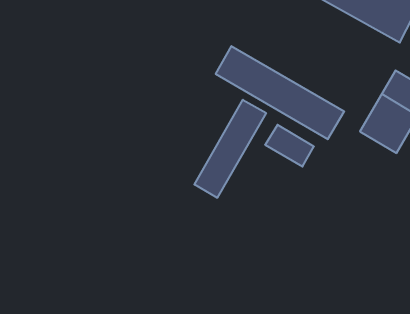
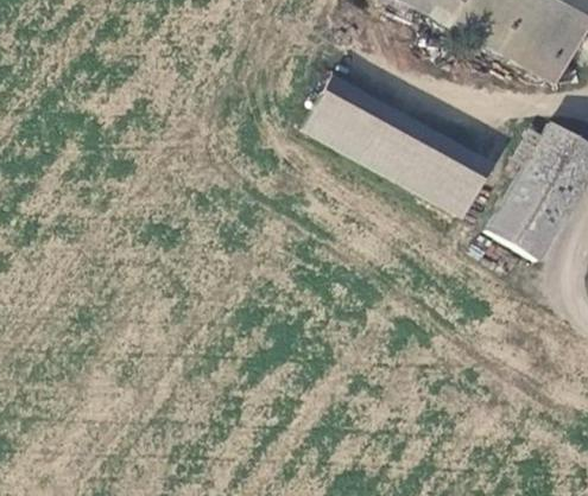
building: [194,100,266,198] -> none
building: [265,125,314,167] -> [487,204,554,261]

